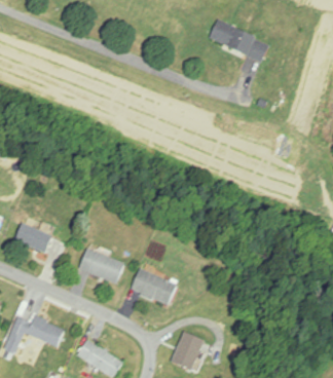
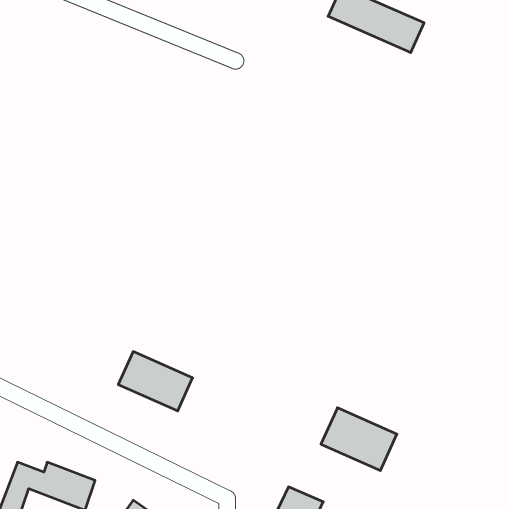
building: [14,223,51,252] -> none
building: [130,267,177,306] -> [321,408,397,471]

